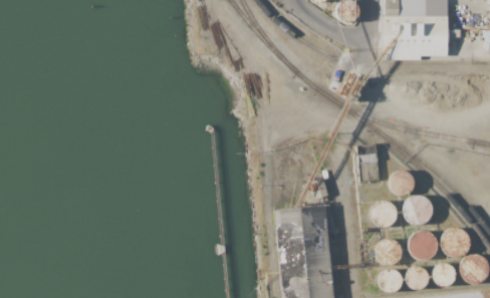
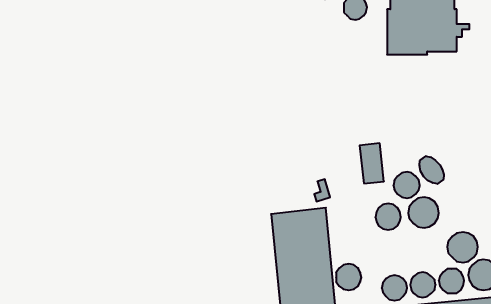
building: none -> [420,156,444,184]
building: [409,232,438,261] -> none
building: [377,241,401,266] -> [336,264,361,290]

